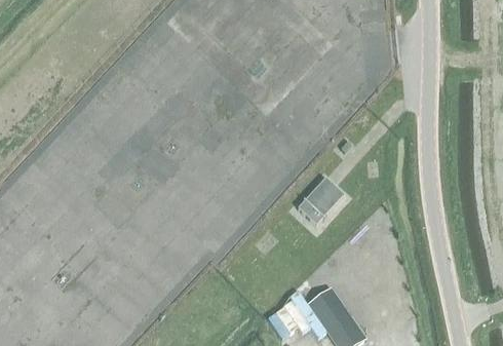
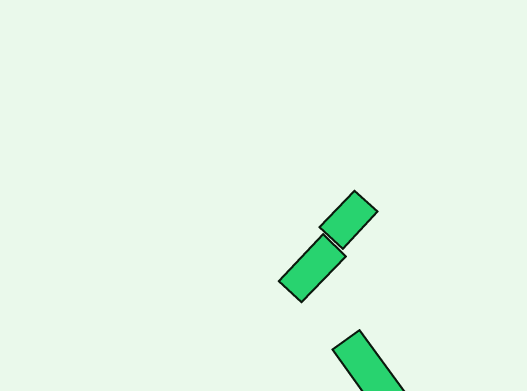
building: none -> [279,234,346,302]

